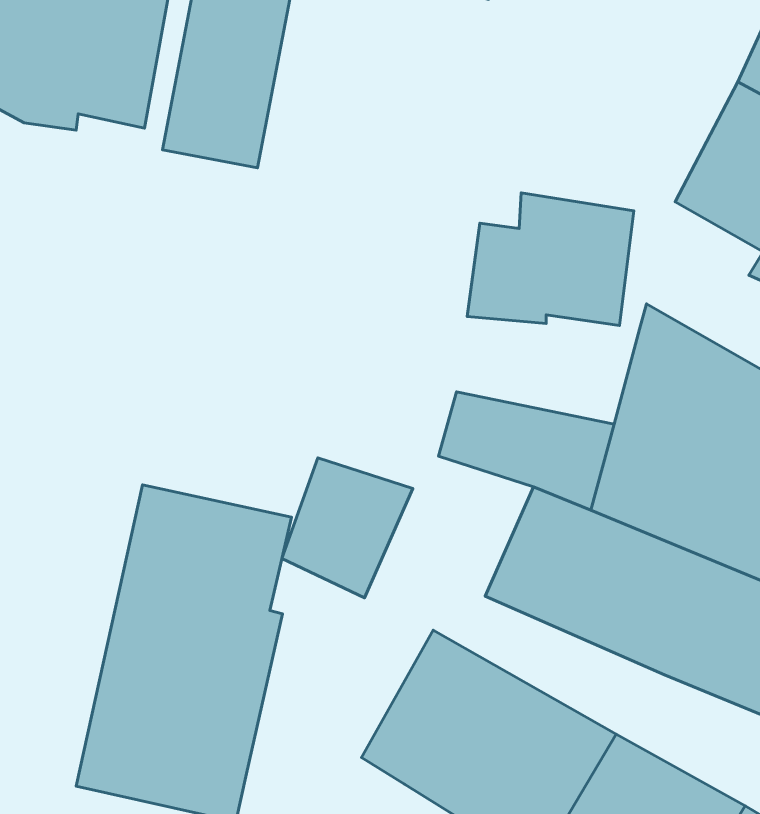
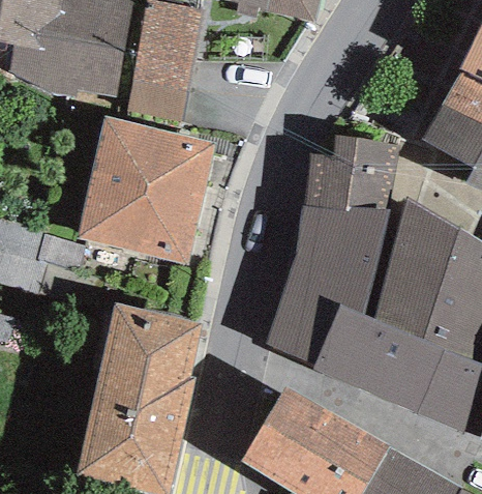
building: none -> [77,117,213,262]
building: none -> [296,204,401,267]
building: [282,458,413,598] -> [265,286,340,367]

